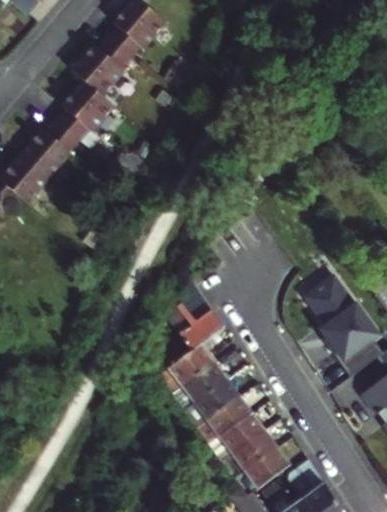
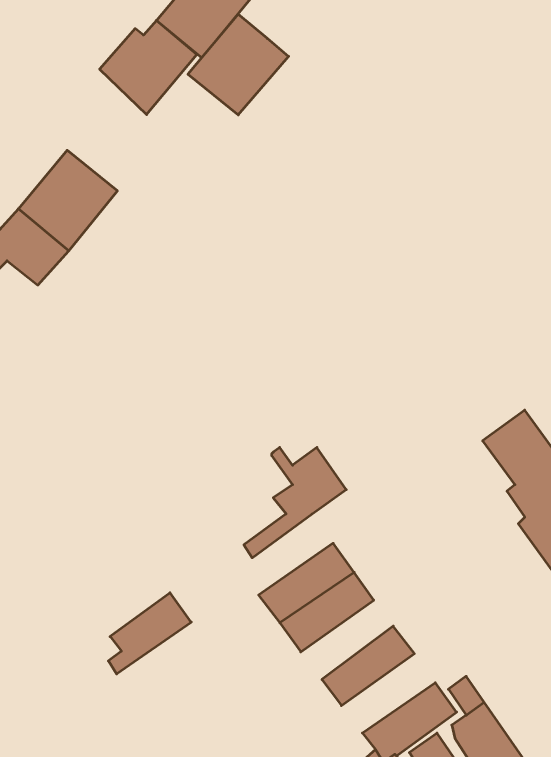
building: [50,81,112,143] -> [188,14,289,115]
building: [163,342,214,392] -> [108,593,191,674]
building: [194,395,251,444] -> none
building: [219,428,277,477] -> none

